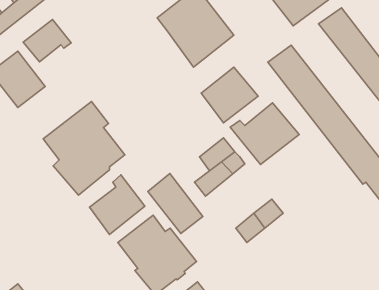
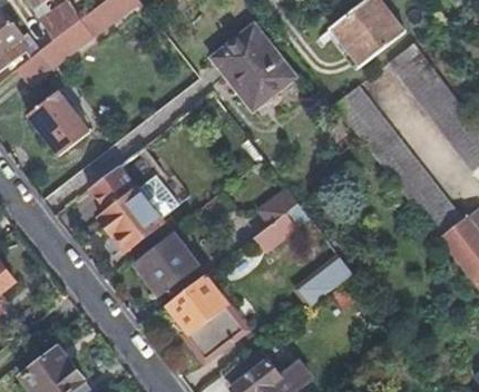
building: [23,20,71,62] -> none
building: [201,67,258,123] -> none
building: [230,103,299,165] -> none
building: [148,173,203,234] -> none

